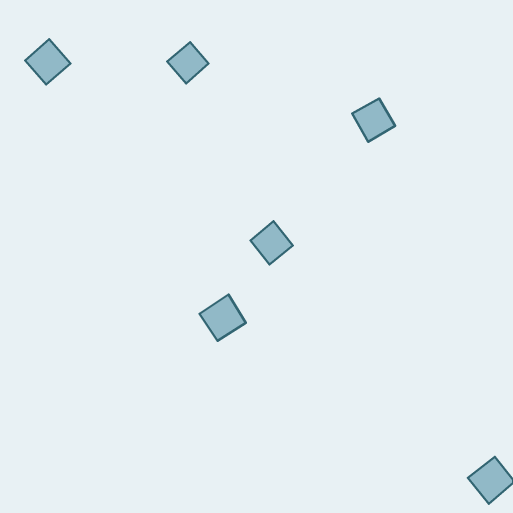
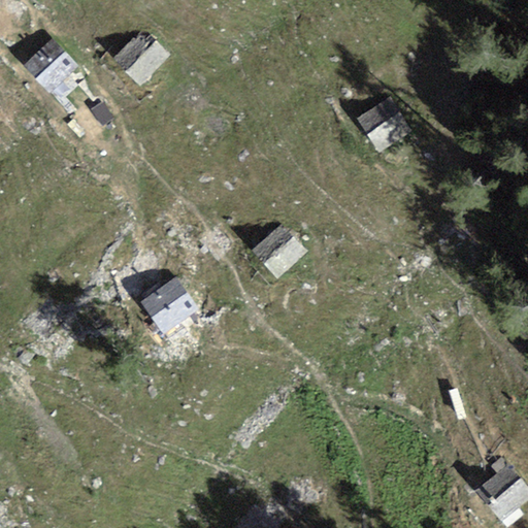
building: [167,42,208,83] -> [119,35,161,77]
building: [199,295,246,341] -> [145,282,193,329]

